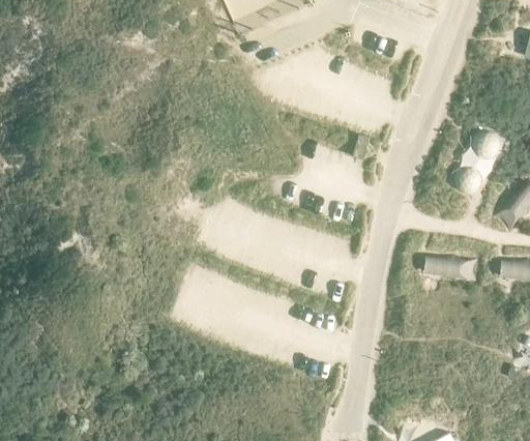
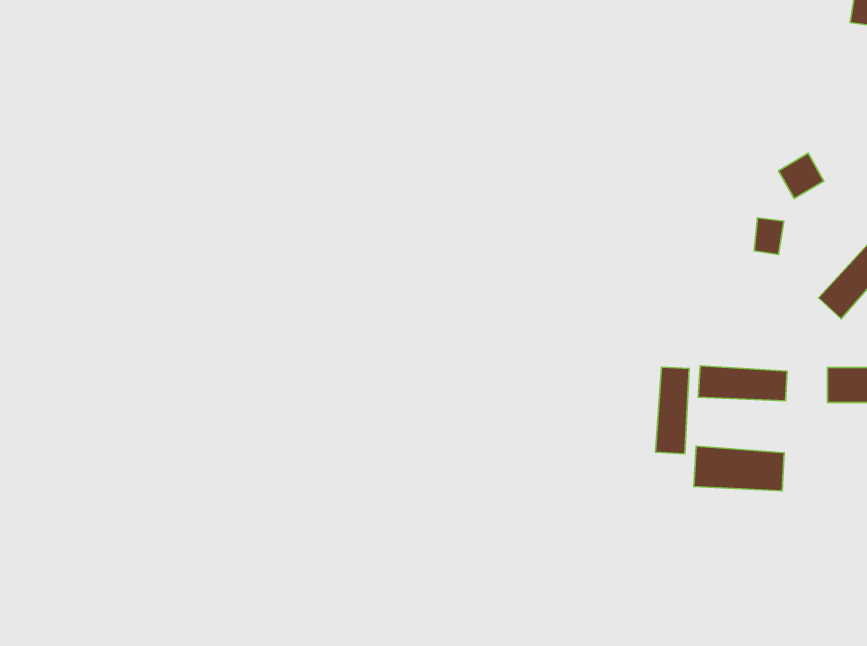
building: none -> [655,367,689,454]
building: none -> [694,446,784,491]

